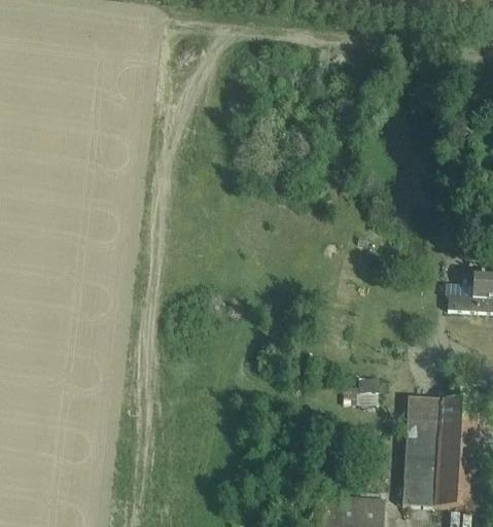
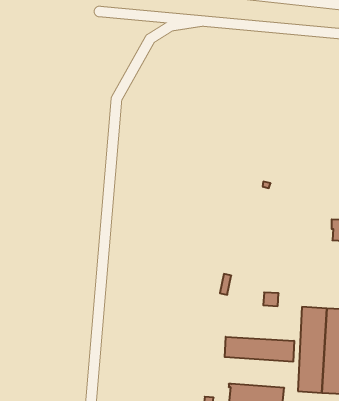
building: none -> [225,337,294,362]

